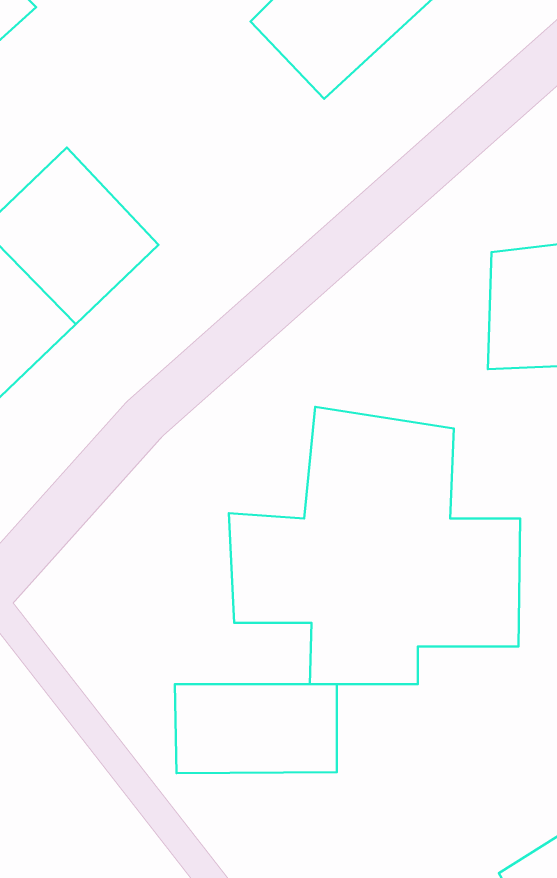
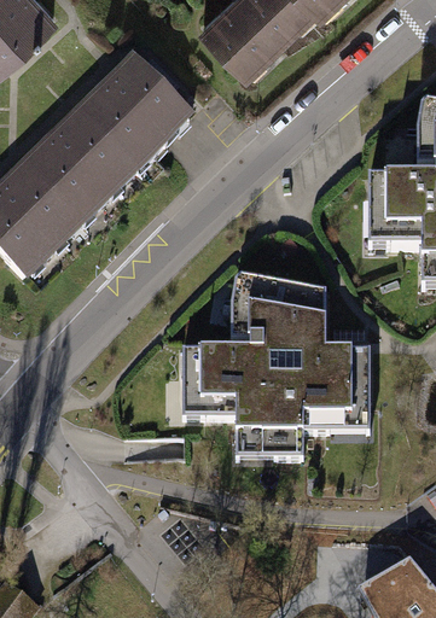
building: none -> [77,51,196,169]
building: [175,684,337,773] -> none

